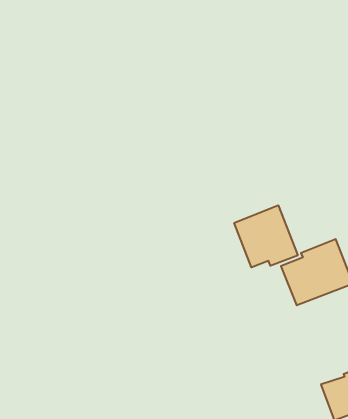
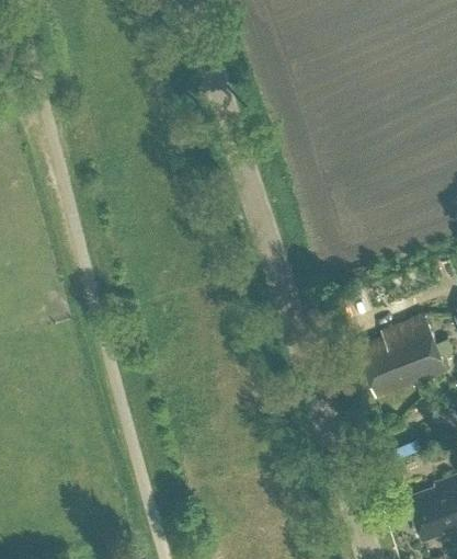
building: [234,205,298,267] -> none

